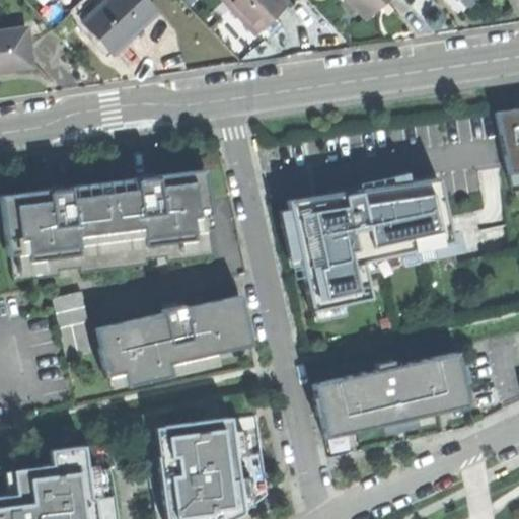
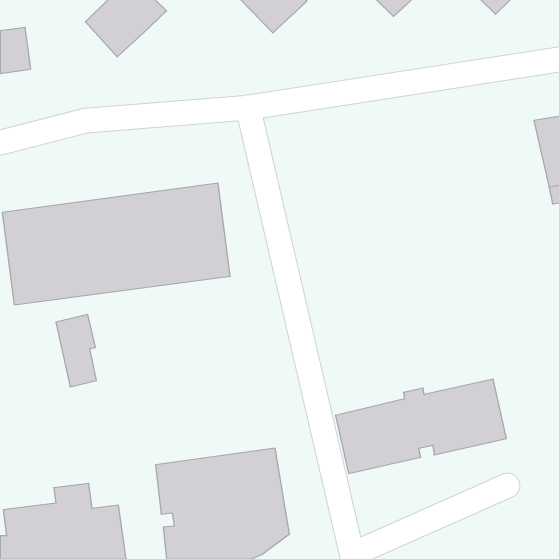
building: [294,171,456,309] -> none
building: [99,295,255,385] -> none

